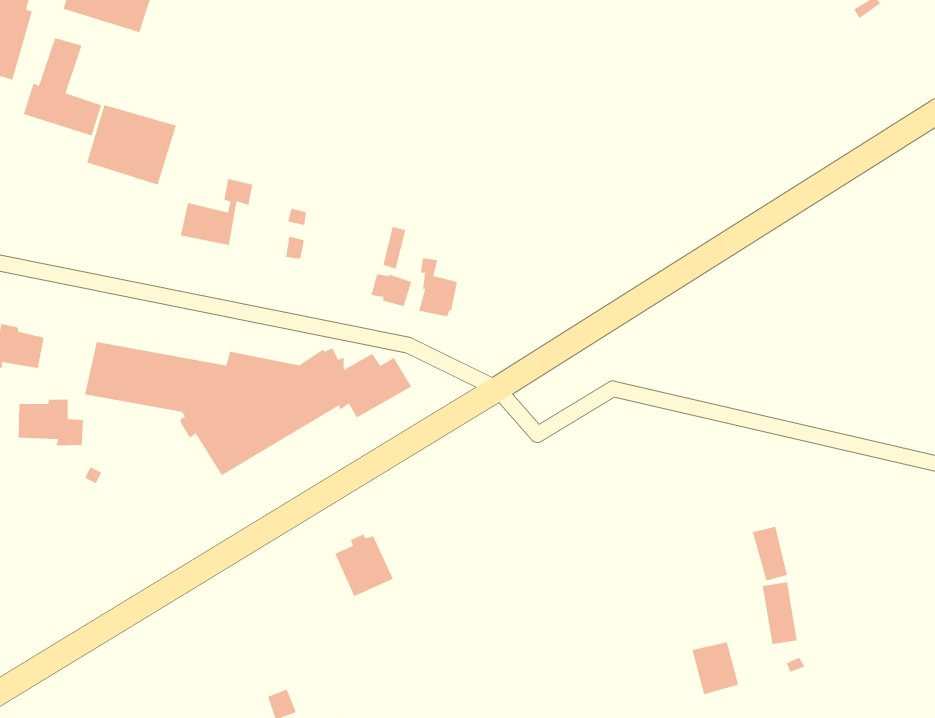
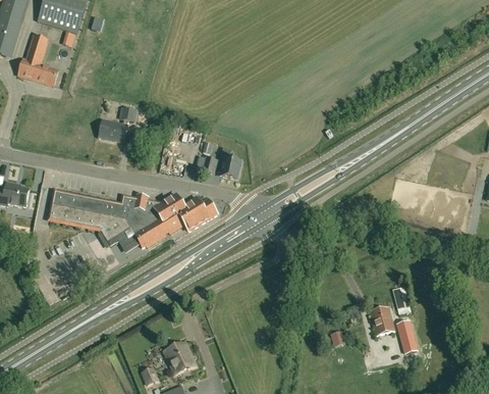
building: [86,104,177,185] -> none
building: [18,399,84,446] -> none
building: [334,534,394,597] -> [164,341,195,374]
building: [692,642,739,695] -> [370,307,394,335]

